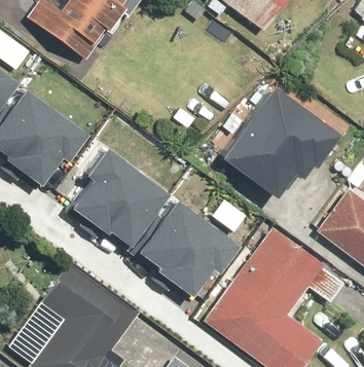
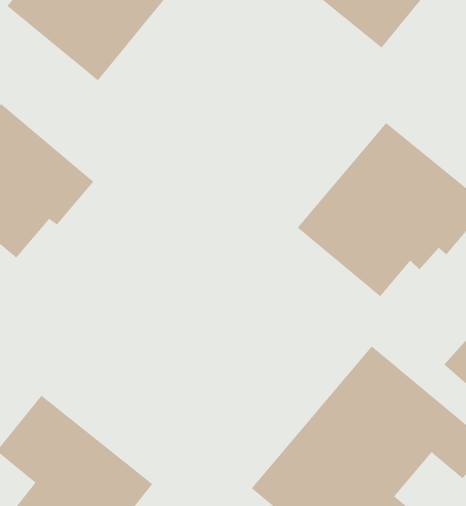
building: [68,144,167,242] -> none
building: [137,193,238,292] -> none

